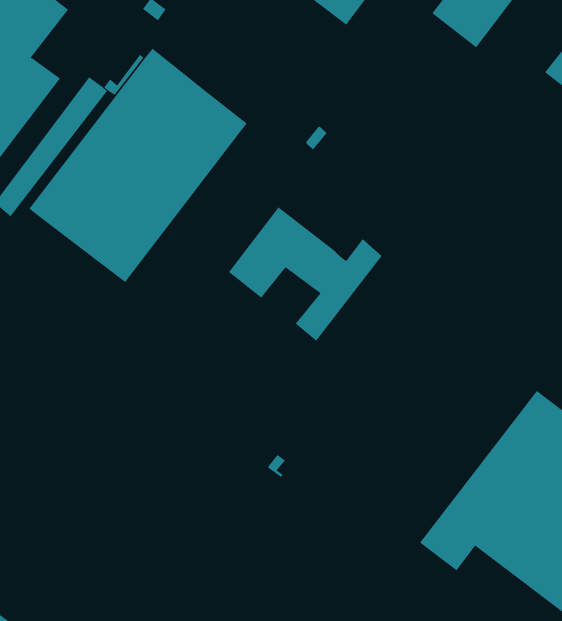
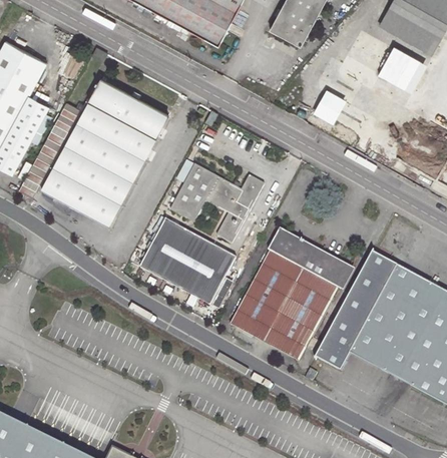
building: none -> [317,93,343,122]
building: none -> [140,219,236,306]
building: none -> [230,228,350,360]

